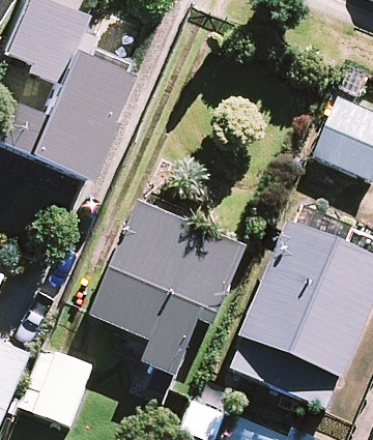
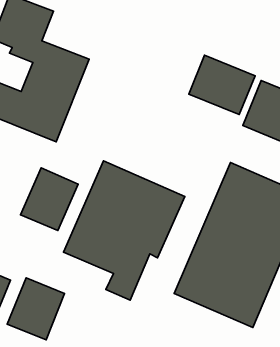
building: none -> [189,55,255,115]
building: none -> [20,168,78,230]

